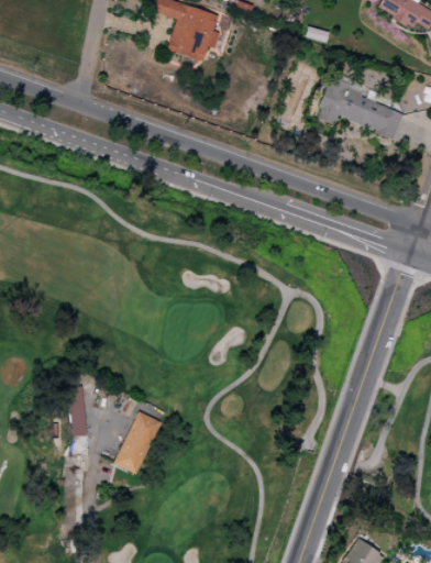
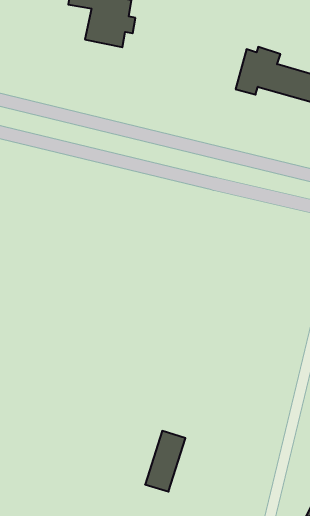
building: [69,386,87,437] -> none
building: [114,411,161,474] -> [145,431,185,492]

